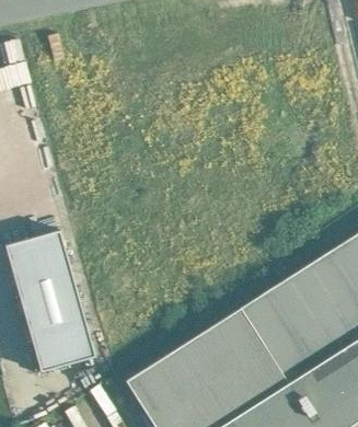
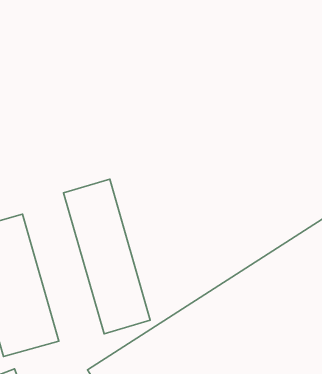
building: none -> [64,179,150,334]

